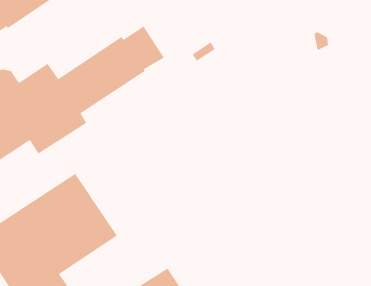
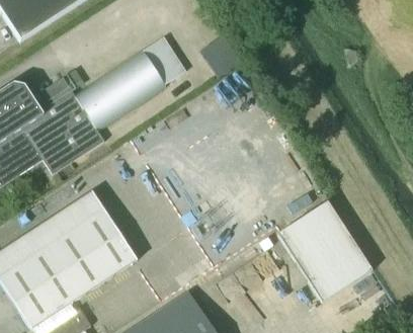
building: none -> [278,199,373,300]

